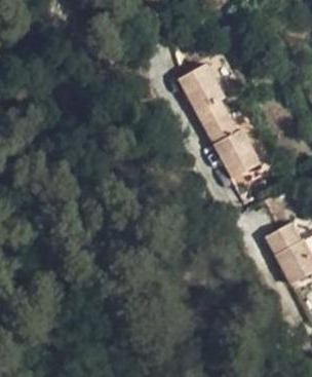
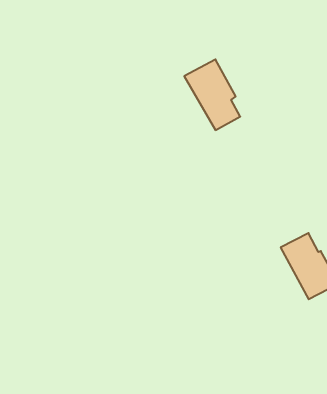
building: [206,116,261,179] -> none

